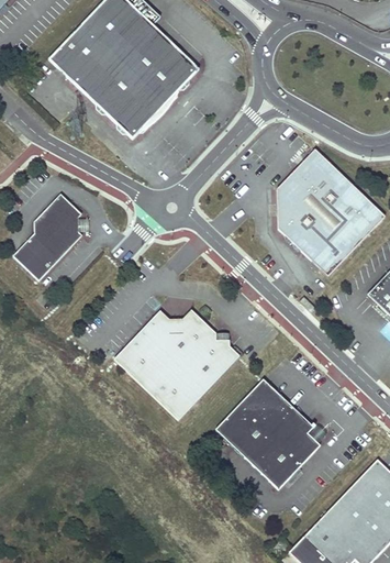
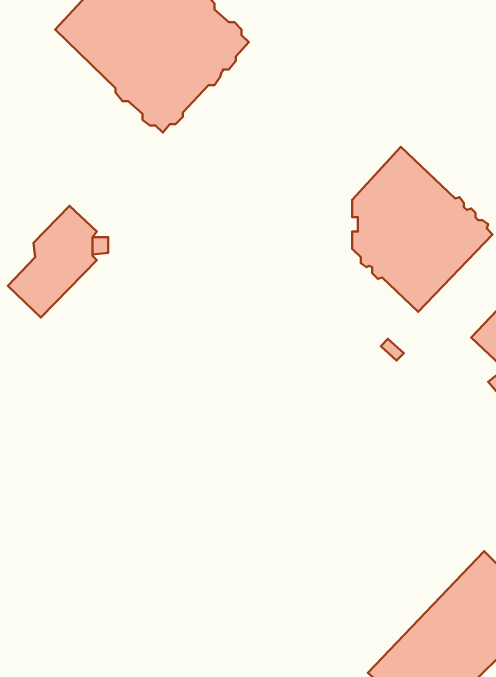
building: [115,310,238,419] -> none
building: [215,378,320,488] -> none

